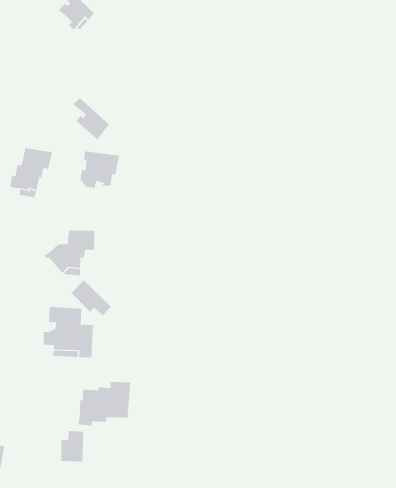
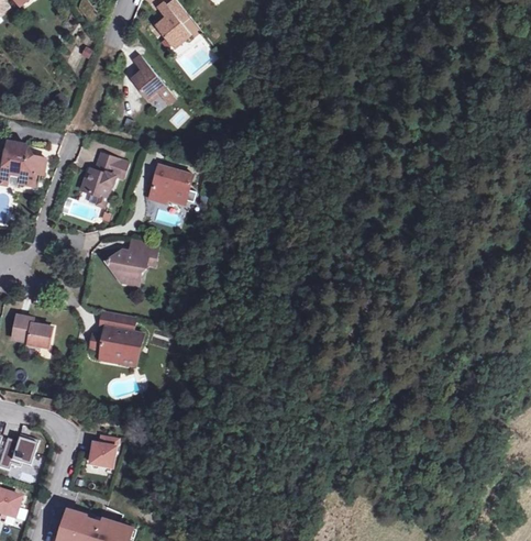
building: [73,98,110,140] -> [132,54,165,98]
building: [71,279,112,316] -> none
building: [78,381,131,427] -> none

